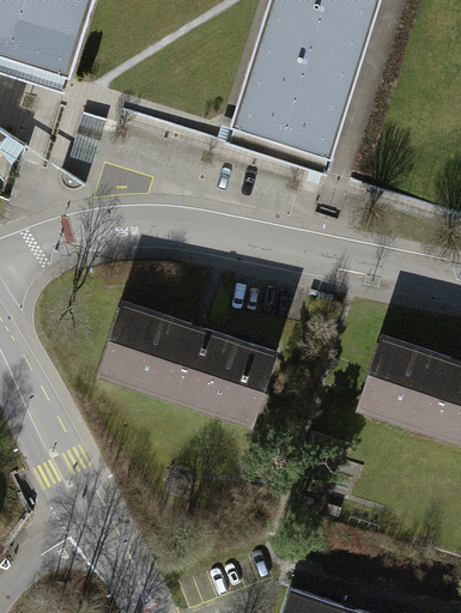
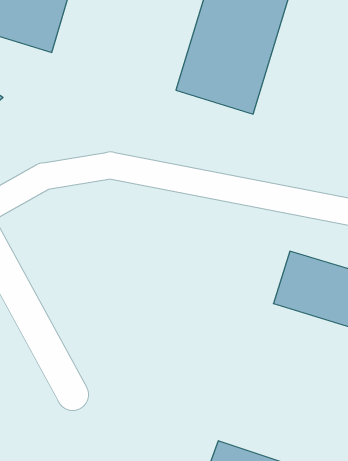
building: [97,299,278,426] -> none

